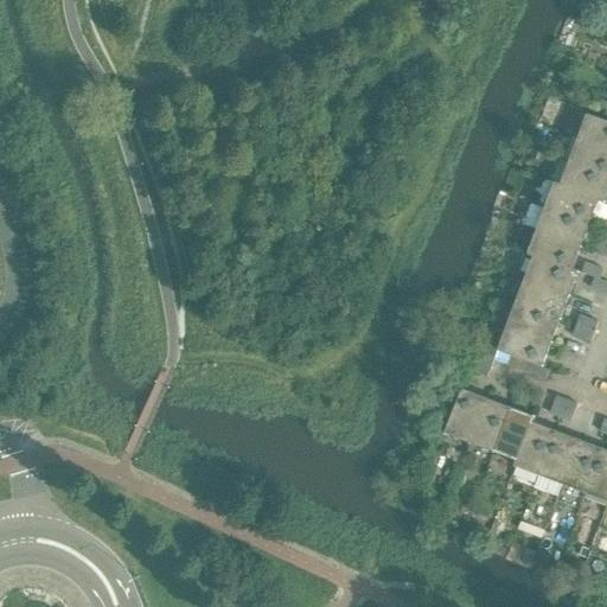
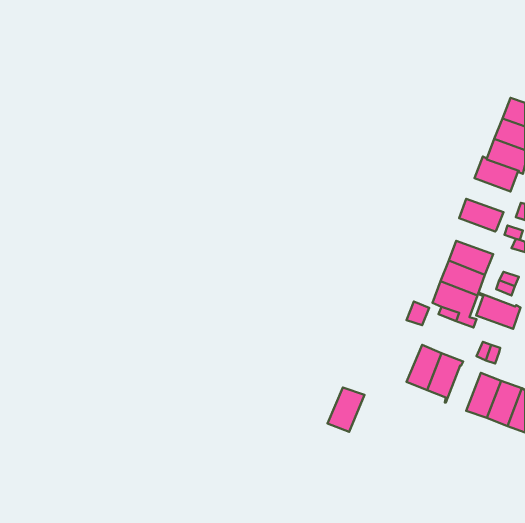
building: [537,205,588,244] -> none
building: [525,251,576,293] -> [476,293,520,329]
building: [443,389,486,440] -> [327,388,365,432]
building: [513,421,554,473] -> none

